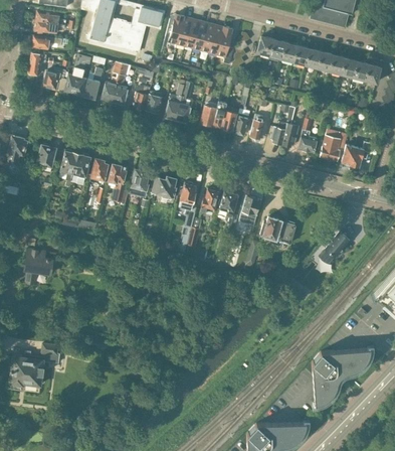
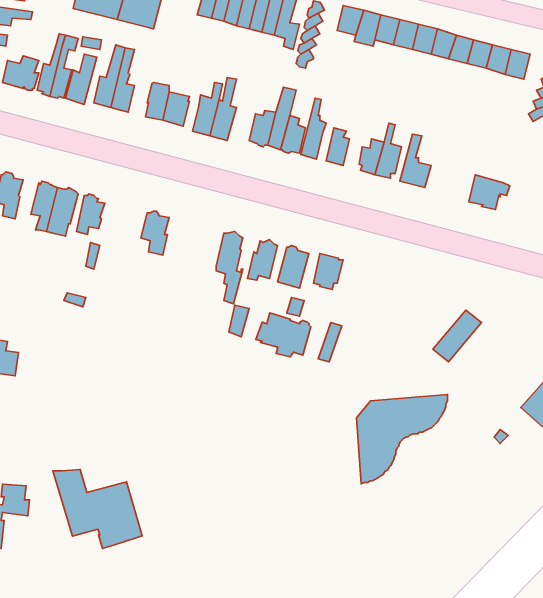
building: [320,135,341,161] -> none
building: [108,162,128,203] -> none
building: [152,177,177,198] -> none
building: [260,216,295,245] -> [256,313,311,357]
building: none -> [53,469,142,548]
building: [312,347,370,405] -> [357,394,448,484]

